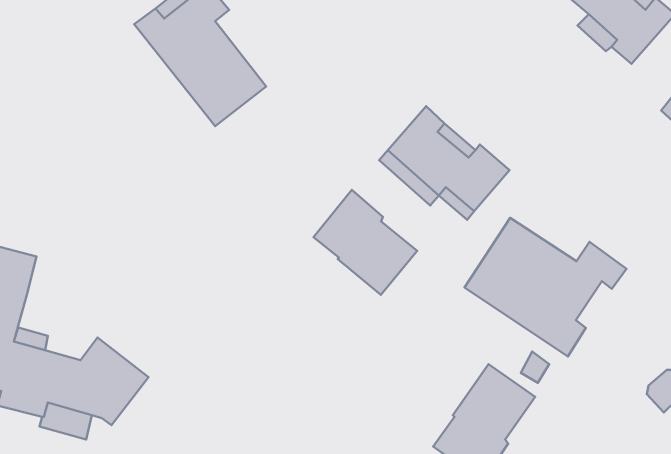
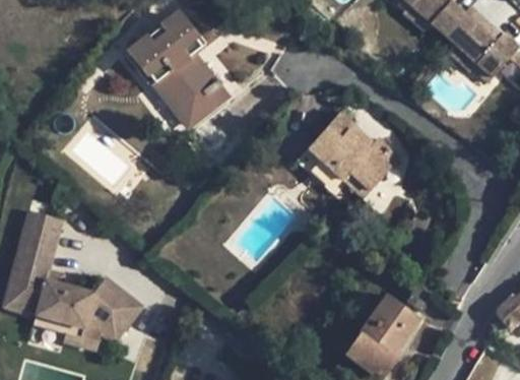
building: [313,190,417,295] -> none
building: [465,218,627,357] -> none

